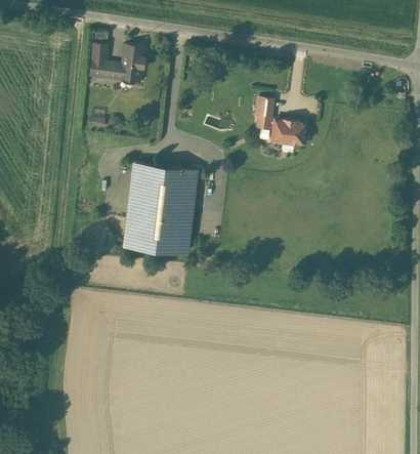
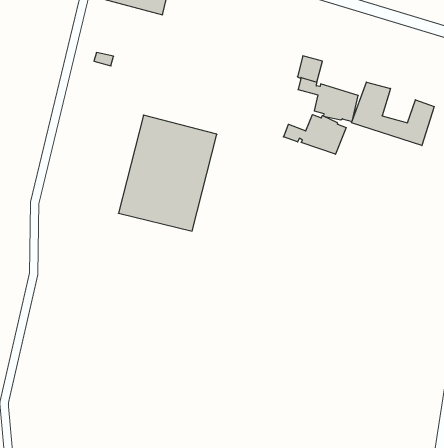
building: none -> [352,82,434,146]
building: none -> [283,115,346,154]

